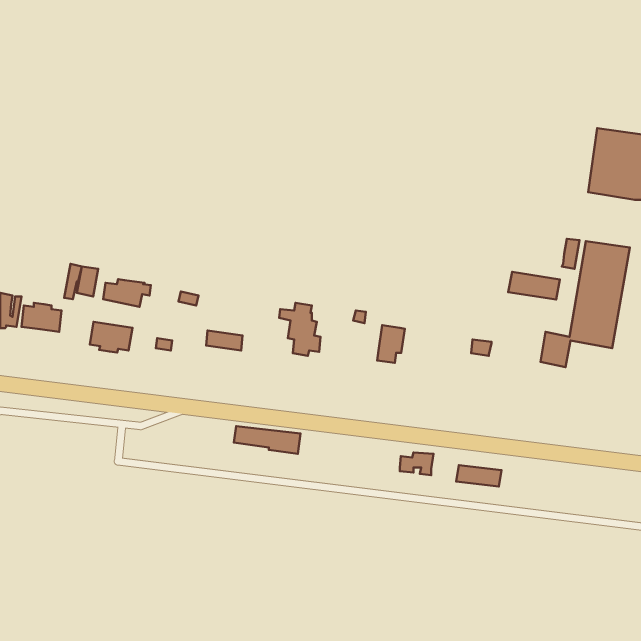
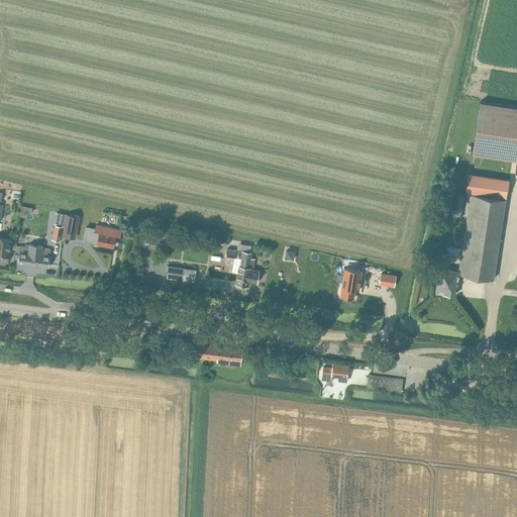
building: [508,272,560,300] -> [467,176,508,198]
building: [90,322,132,353] -> none
building: [377,325,405,363] -> [340,269,363,299]

